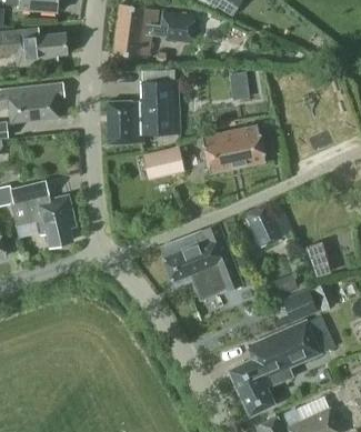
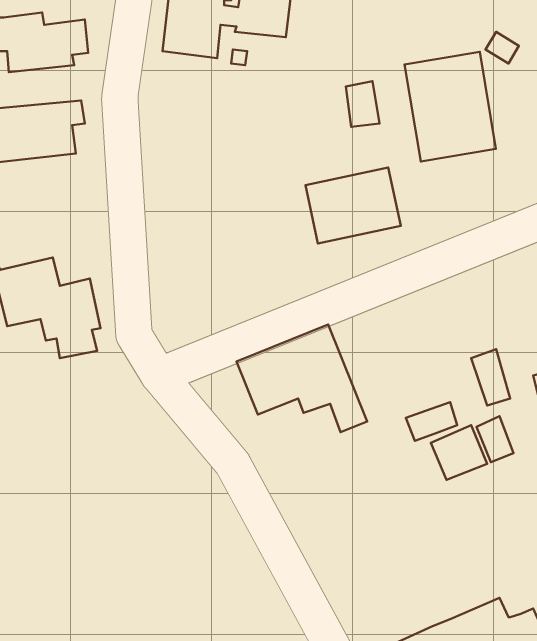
building: none -> [405,52,496,161]
building: [107,81,178,142] -> none
building: [144,145,184,180] -> none
building: [245,205,291,245] -> none
building: [228,321,319,416] -> none

